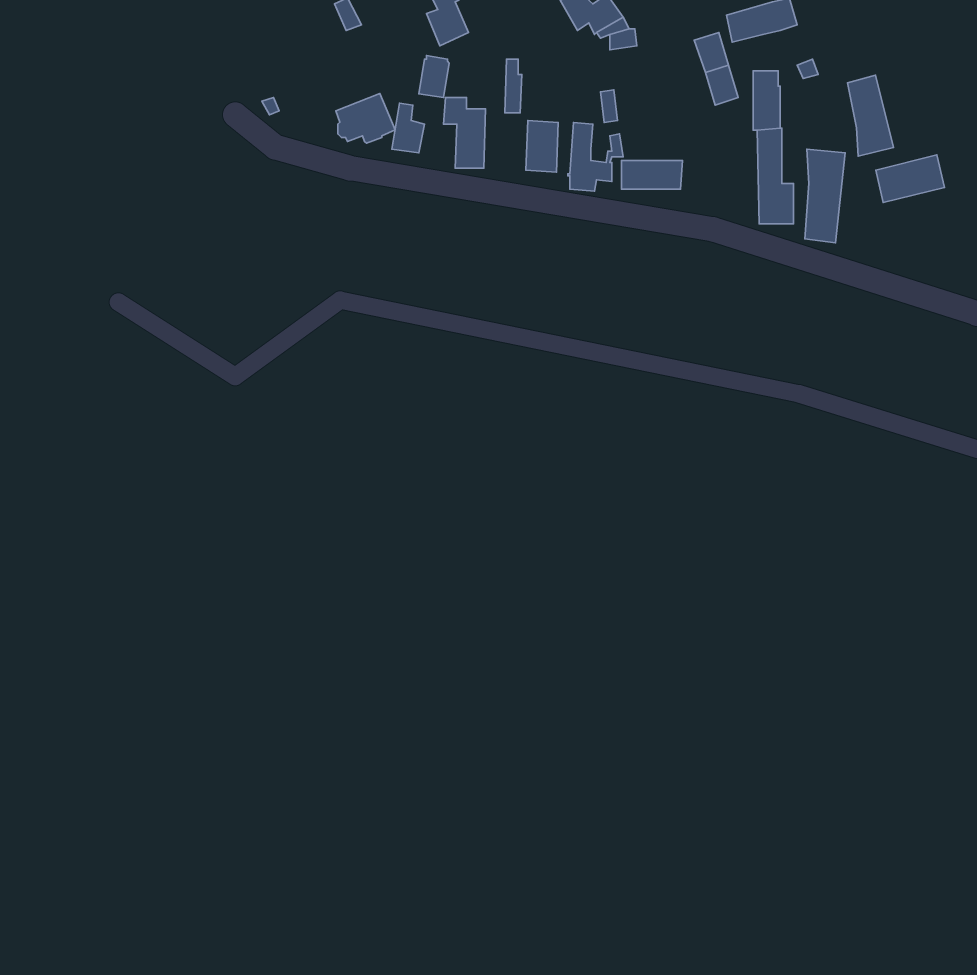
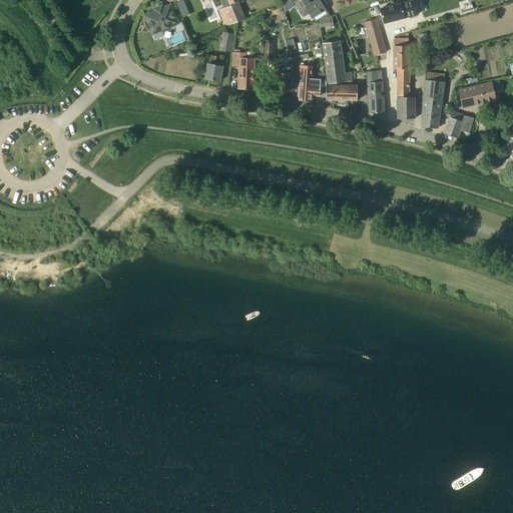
building: none -> [323,39,352,83]
building: [847,75,894,156] -> none
building: [336,94,395,143] -> [147,4,178,30]
building: none -> [368,70,385,112]
building: none -> [444,110,474,137]

